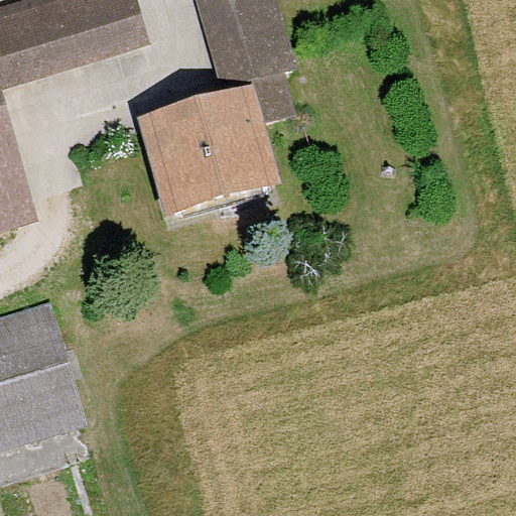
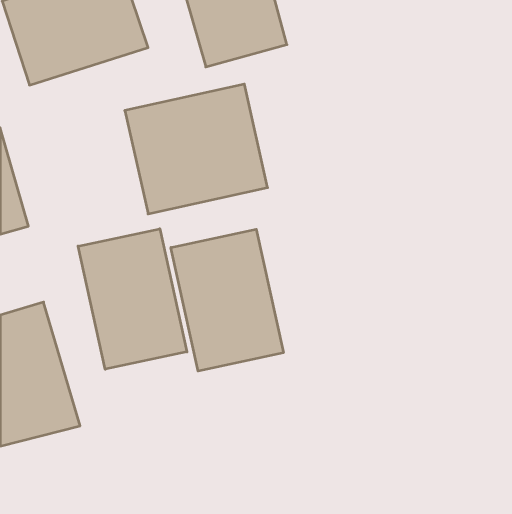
building: none -> [78,229,187,369]
building: none -> [171,229,283,371]

